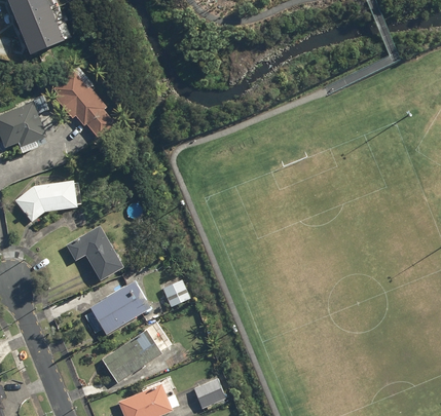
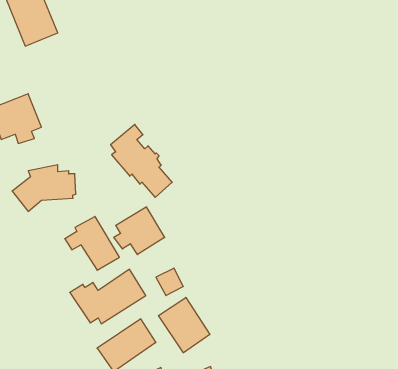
building: [53,66,116,140] -> [111,124,172,197]
building: none -> [114,207,165,255]
building: none -> [158,297,210,353]

